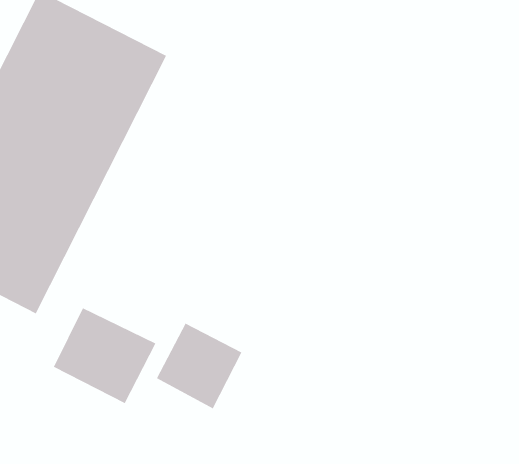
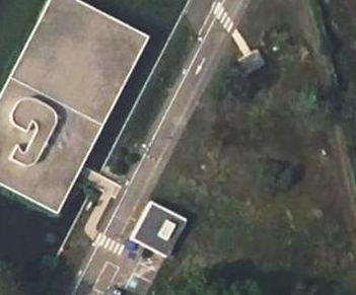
building: [53,307,156,404] -> none

